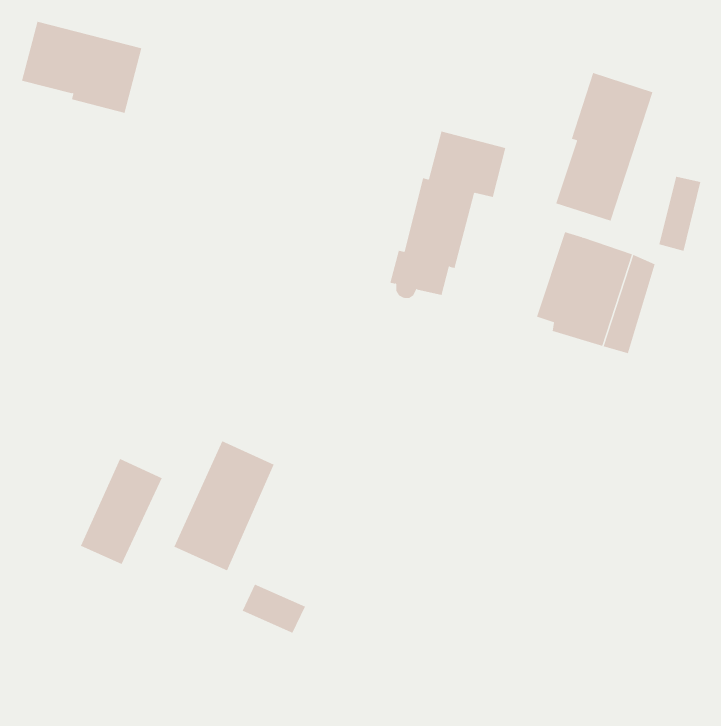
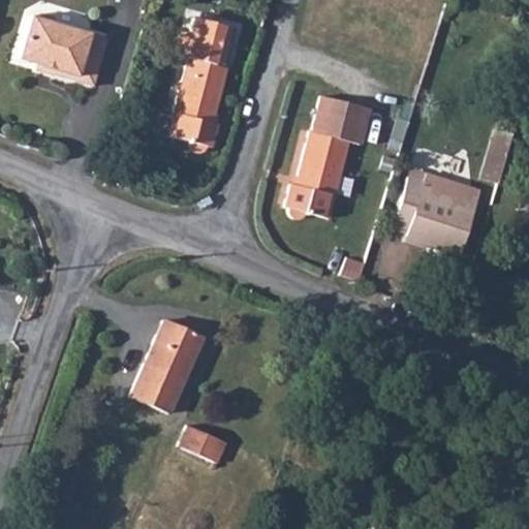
building: none -> [174,17,236,152]
building: [556,72,653,221] -> none
building: [80,458,162,565] -> none

